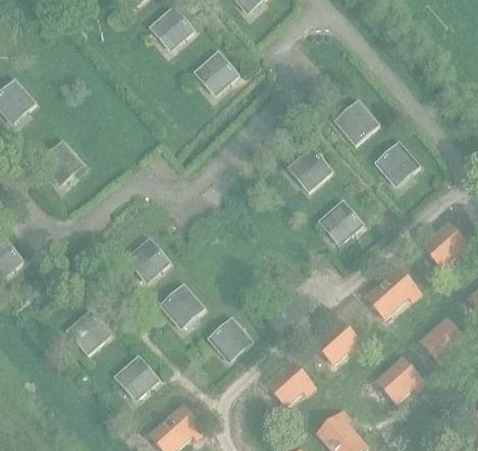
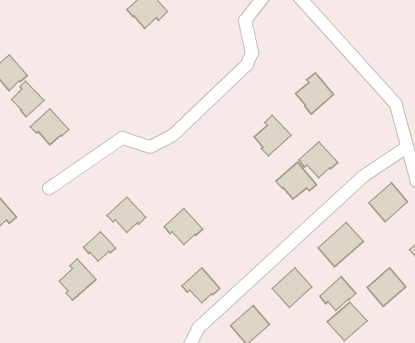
building: [195,49,242,92] -> none
building: none -> [12,81,44,117]
building: [378,141,422,182] -> [299,142,338,178]
building: none -> [83,232,116,261]
building: [160,285,204,325] -> [164,208,203,245]
building: none -> [320,277,356,311]
building: [114,355,161,399] -> none

